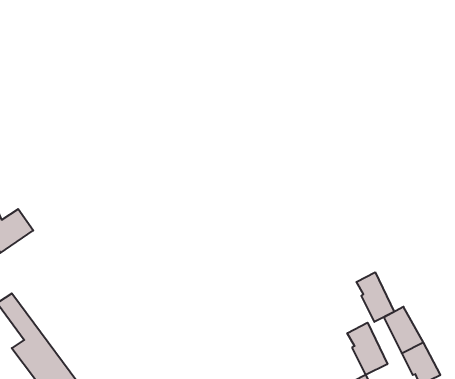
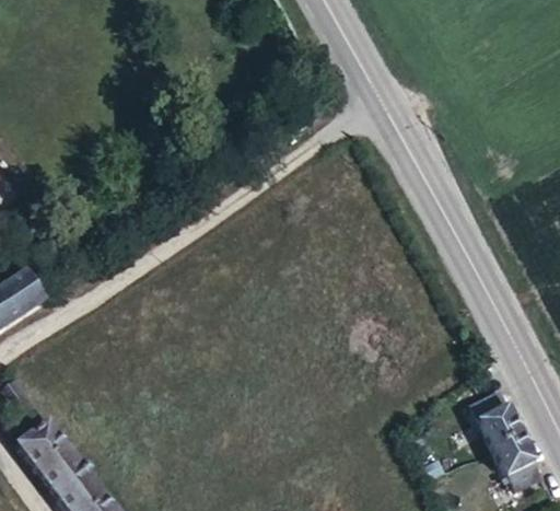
building: [356,272,394,322] -> none
building: [347,323,387,375] -> none

